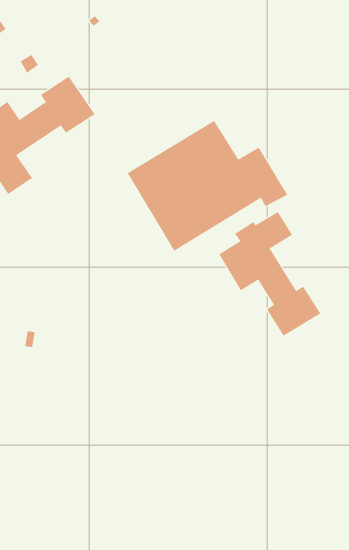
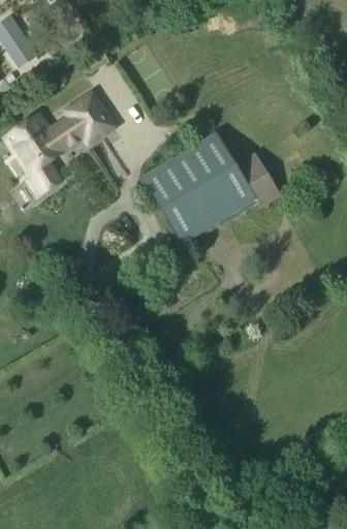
building: [219,211,321,336] -> none

